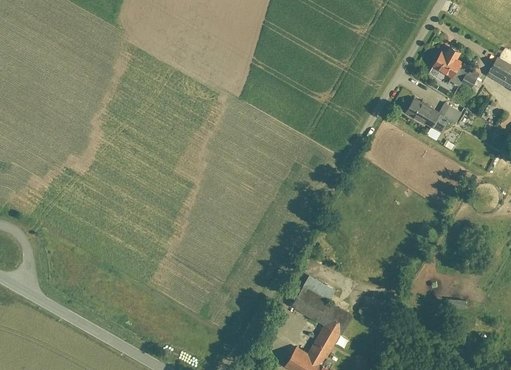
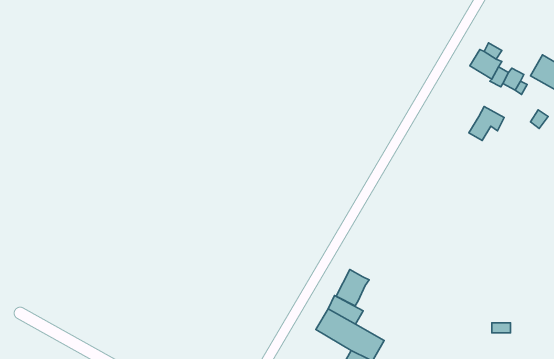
building: [404,97,439,127] -> none
building: none -> [336,269,369,306]

